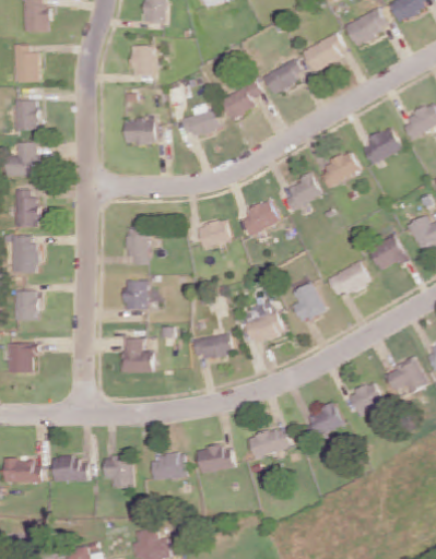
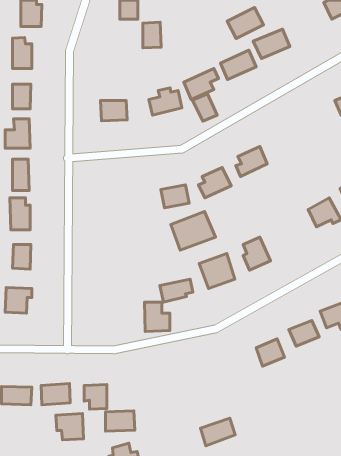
building: [345,9,389,46] -> [227,7,264,39]
building: [131,46,153,76] -> [143,22,161,48]
building: none -> [193,94,217,121]
building: [365,128,402,164] -> none
building: [320,154,362,187] -> none
building: [123,228,145,265] -> none
building: none -> [171,211,215,250]
building: [329,262,372,298] -> none
building: [123,281,146,310] -> none
building: [122,338,153,373] -> [144,302,170,331]
building: [248,427,290,460] -> [200,418,235,446]
building: [197,445,234,473] -> none
building: [151,455,186,479] -> [106,411,135,431]
building: none -> [56,413,83,440]

